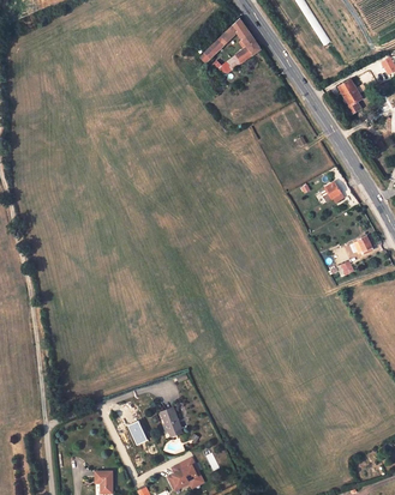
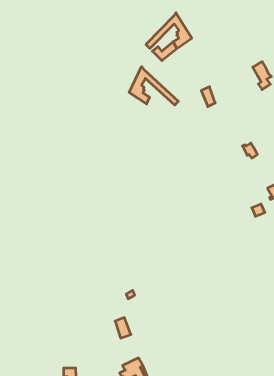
building: none -> [129,67,178,105]

